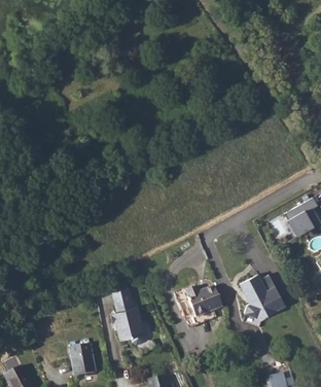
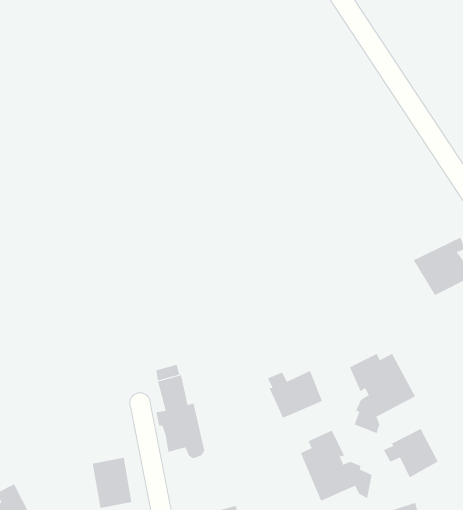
building: none -> [383,428,439,478]
building: none -> [300,430,372,501]

